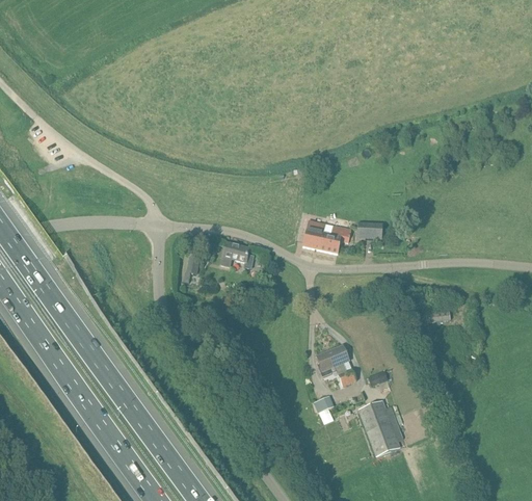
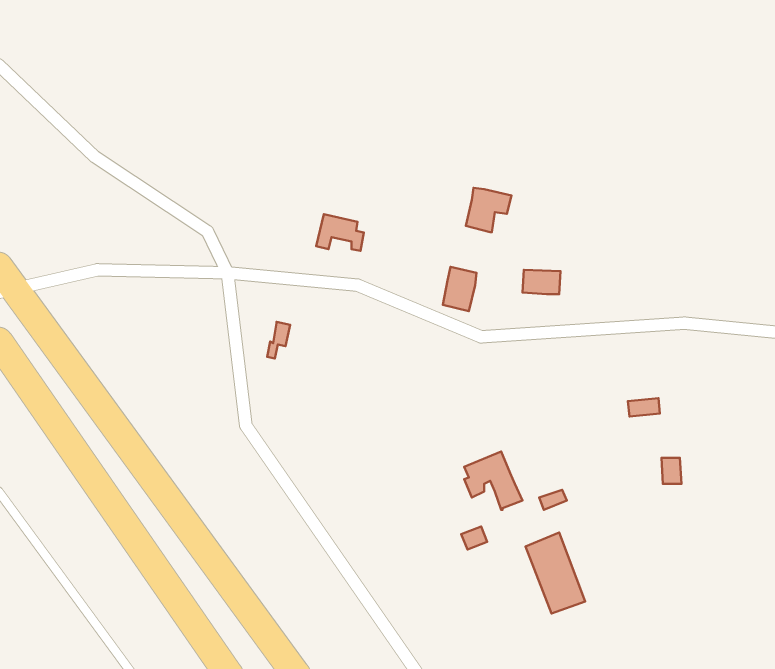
building: [320,223,351,254] -> [466,188,512,232]
building: [220,242,252,267] -> [316,214,364,251]

